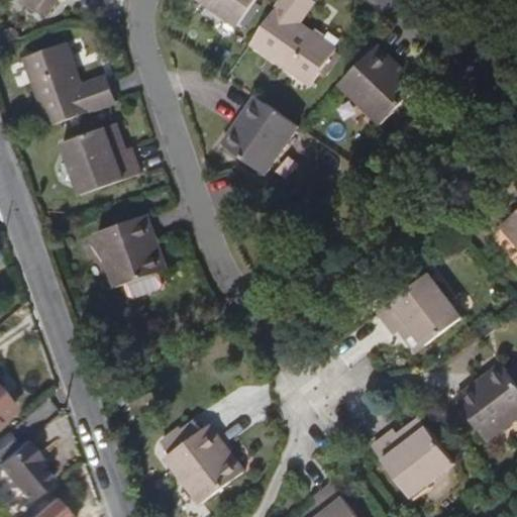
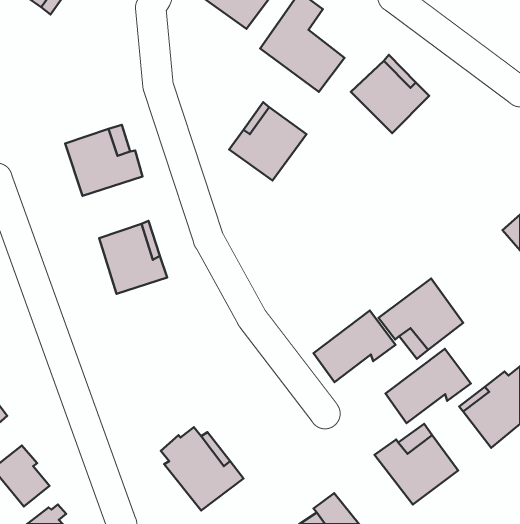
building: [28,41,116,123] -> none
building: none -> [314,311,395,382]
building: none -> [385,349,471,423]

